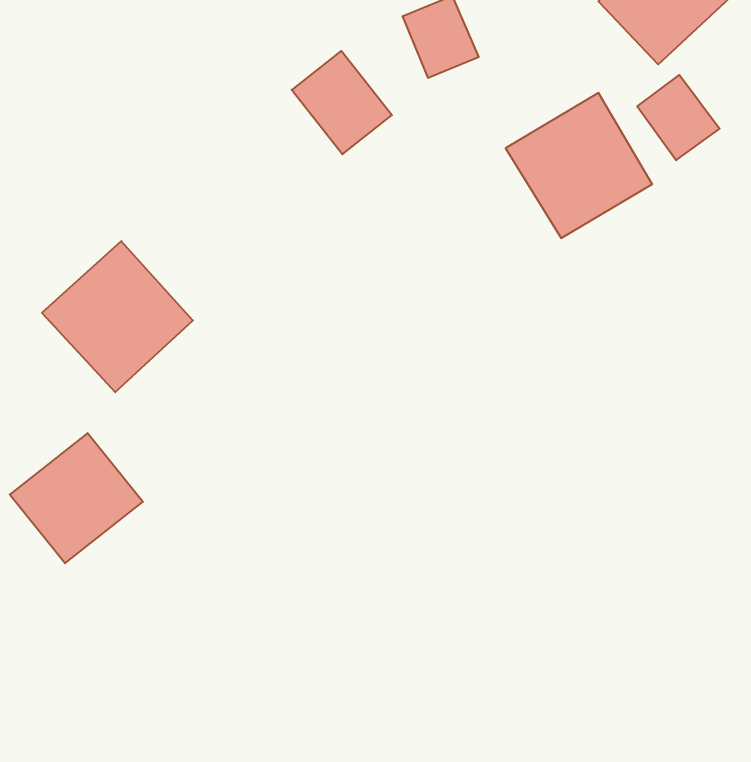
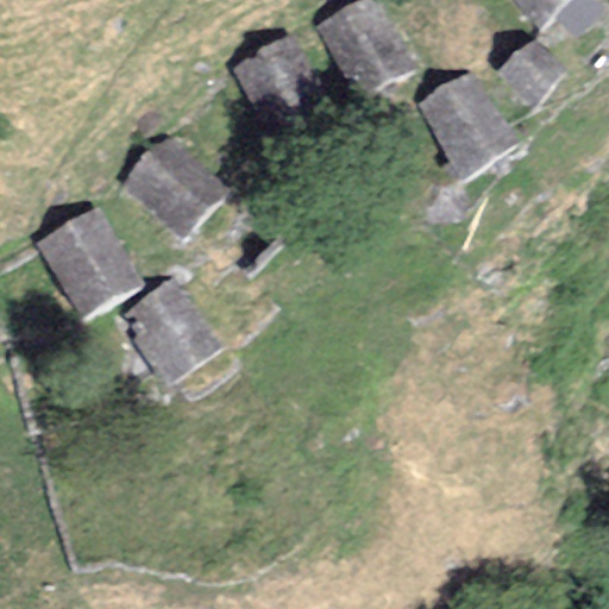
building: none -> [125,126,221,221]
building: [10,433,143,563] -> [119,278,225,382]

